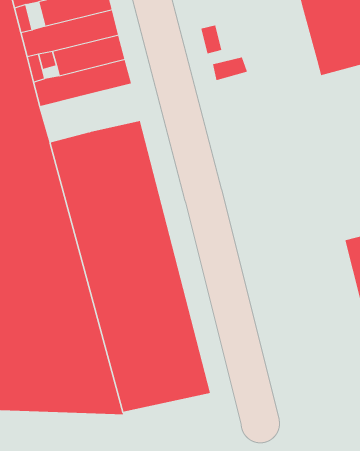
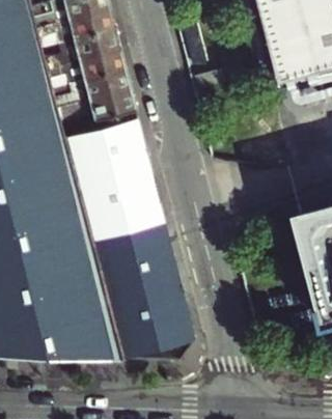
building: none -> [87,89,136,129]

